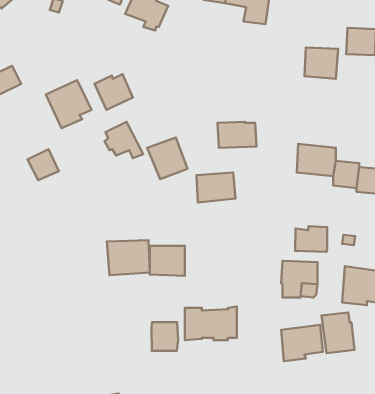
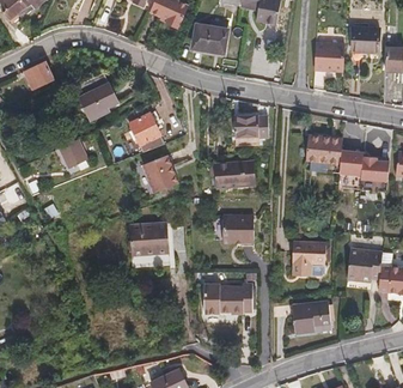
building: none -> [194,20,227,51]
building: [94,74,133,110] -> none
building: [147,138,188,179] -> [141,154,178,193]
building: [295,226,327,252] -> none
building: [150,246,185,276] -> [221,216,254,243]
building: [322,312,355,353] -> none
building: [152,322,178,351] -> none

